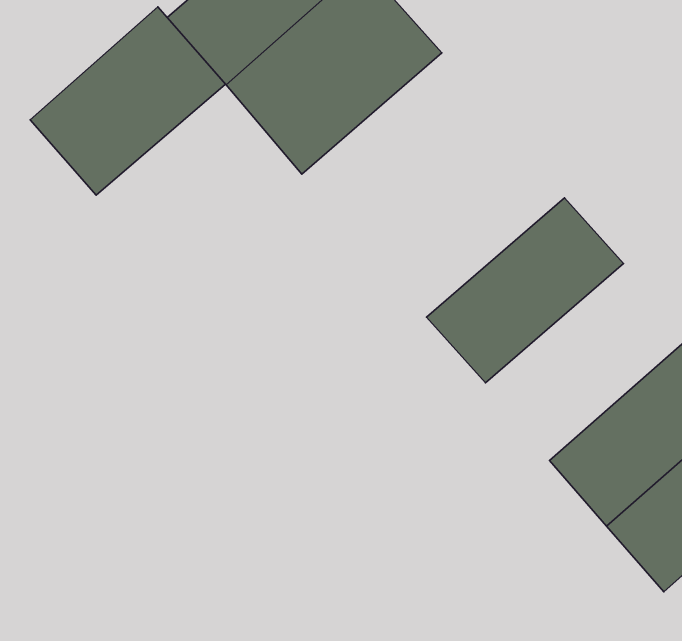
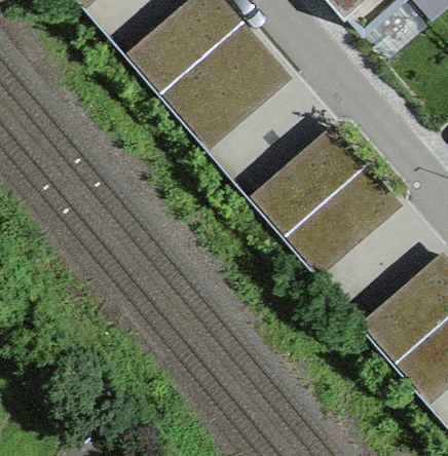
building: [30,7,225,195] -> none
building: none -> [249,125,368,238]

